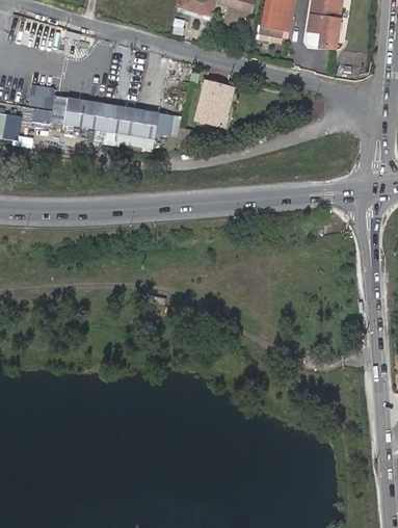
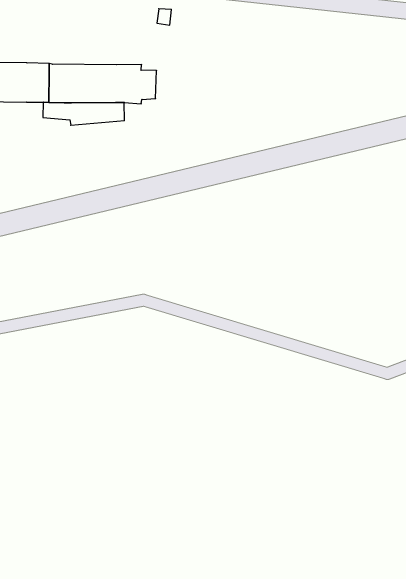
building: [195,81,228,127] -> none

